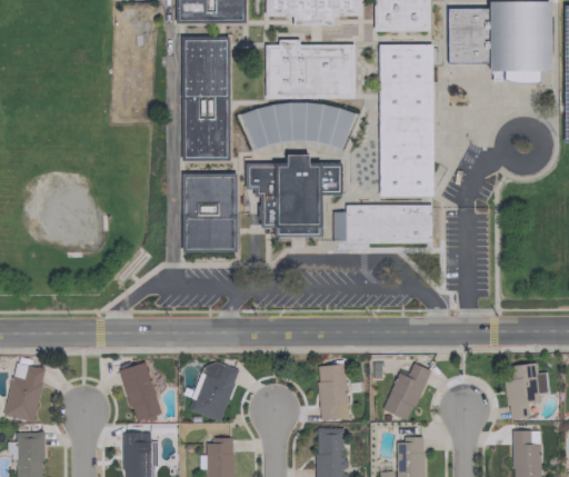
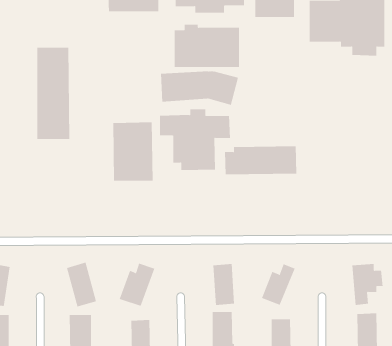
building: [184,36,230,160] -> [36,47,70,140]
building: [379,43,433,196] -> none

